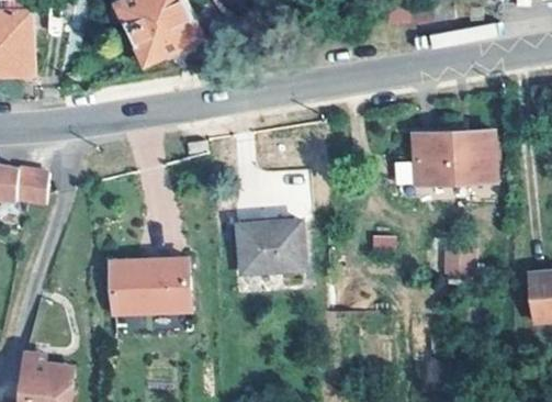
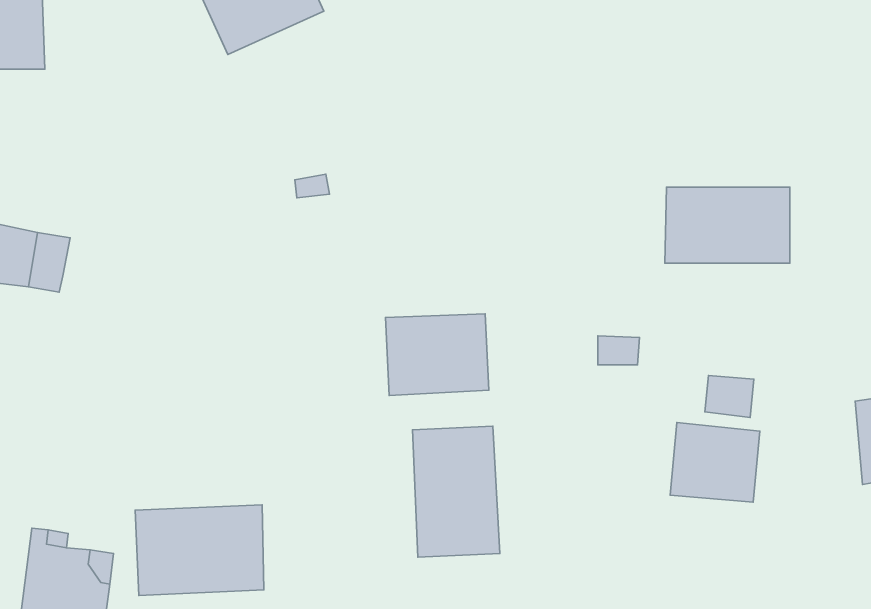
building: [112,257,190,312] -> [135,505,264,595]
building: none -> [670,423,760,502]
building: none -> [413,426,500,557]

